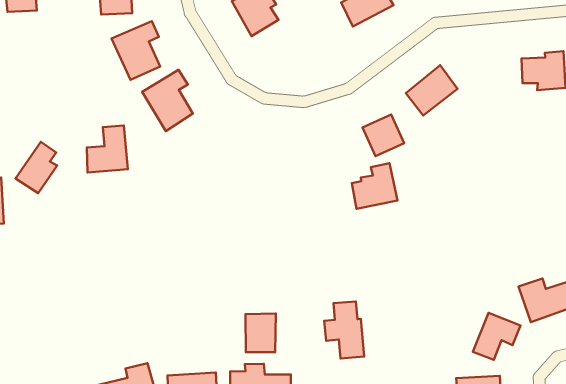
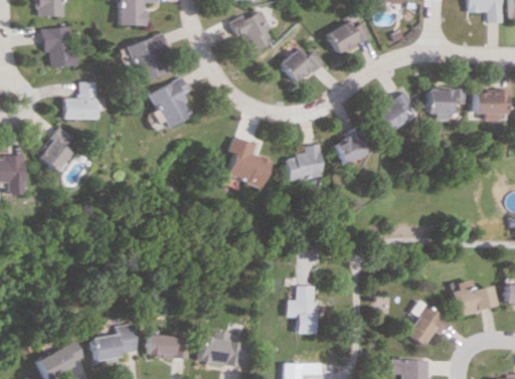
building: none -> [42,27,74,67]
building: none -> [276,47,318,84]
building: none -> [423,89,463,121]
building: [87,125,128,172] -> [62,82,97,120]
building: none -> [223,138,270,188]
building: [352,163,397,209] -> [285,145,322,181]
building: [246,313,276,352] -> none

